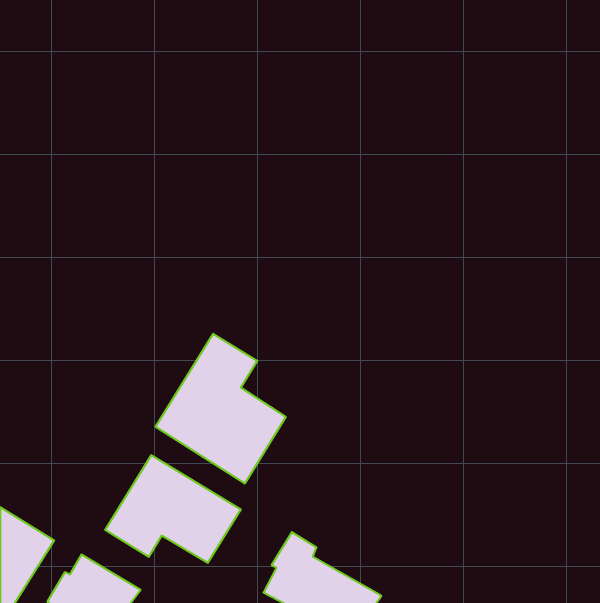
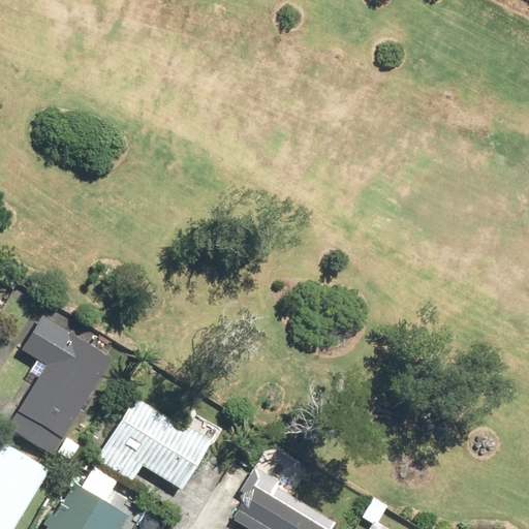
building: [156,334,286,484] -> none
building: none -> [8,315,110,452]

